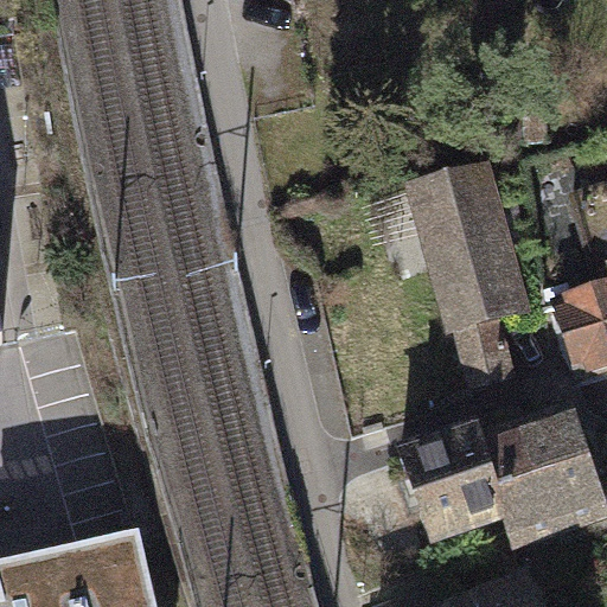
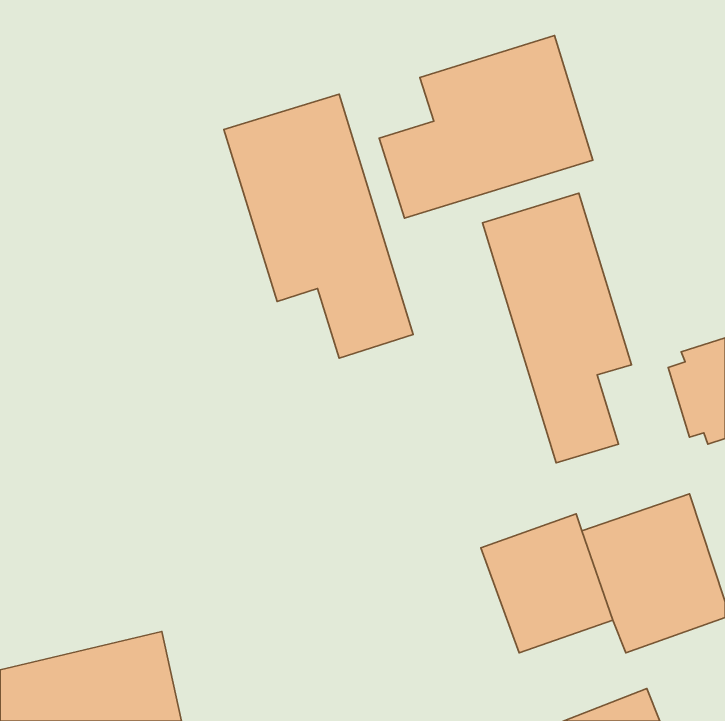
building: none -> [379,36,593,218]
building: none -> [224,94,413,358]

